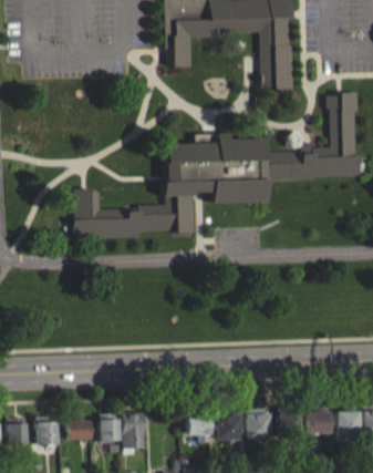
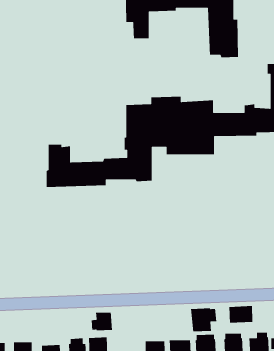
building: none -> [229,305,253,324]
building: none -> [190,307,217,332]
building: none -> [91,312,113,331]

